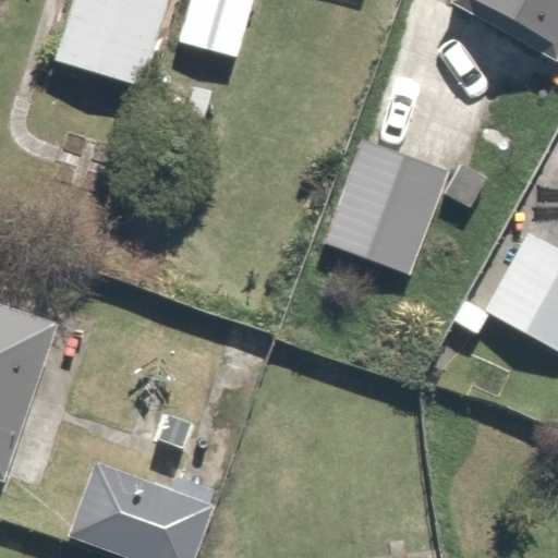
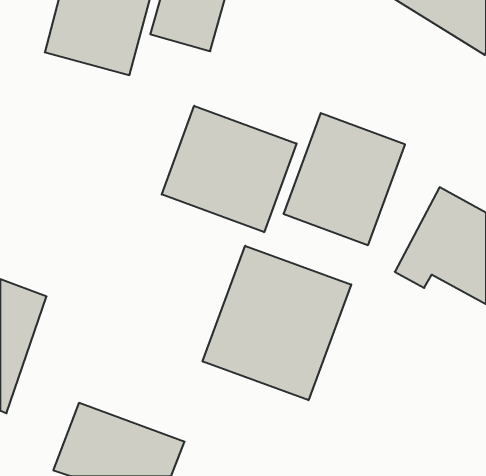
building: none -> [162,106,297,232]
building: none -> [203,246,351,400]

